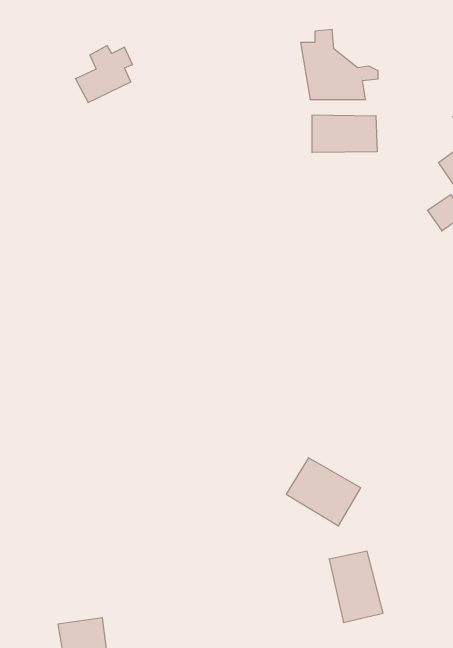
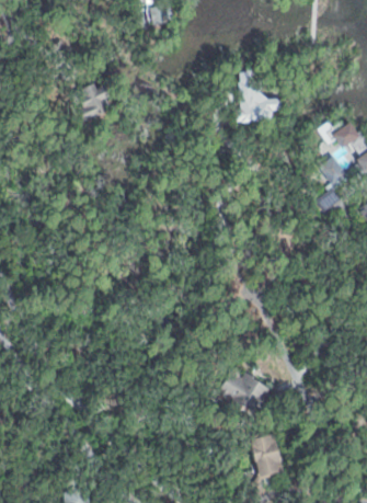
building: [312,115,377,153] -> none

